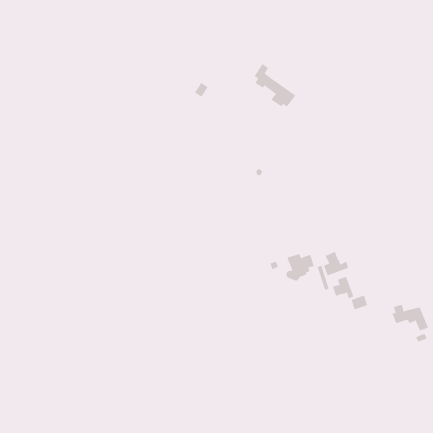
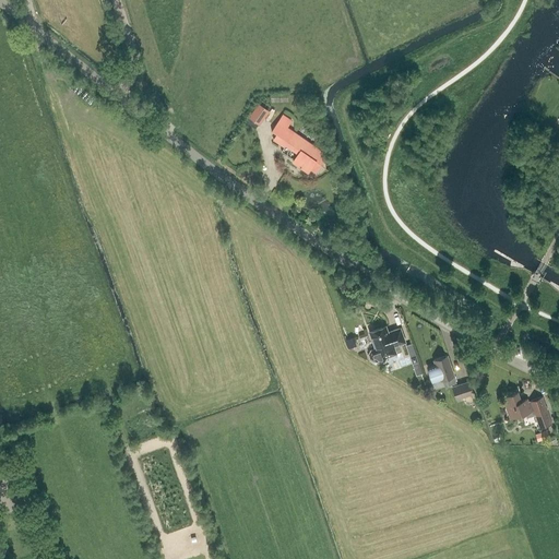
building: [254,63,296,107] -> [272,115,326,171]
building: [323,251,349,276] -> none

